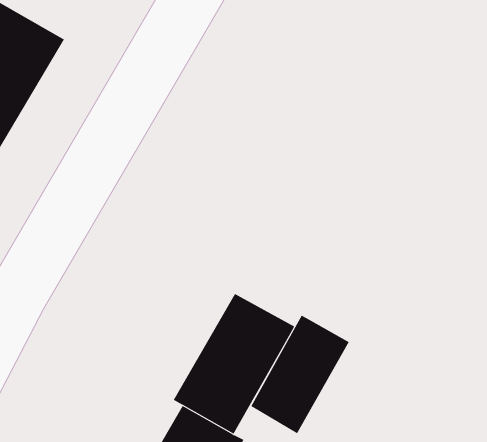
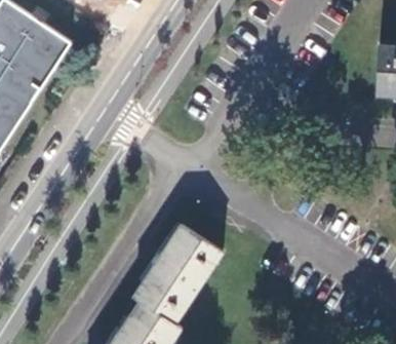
building: [250,315,349,434] -> none

